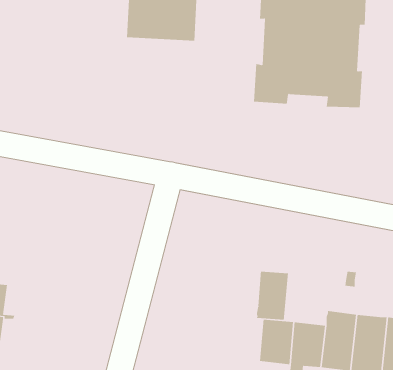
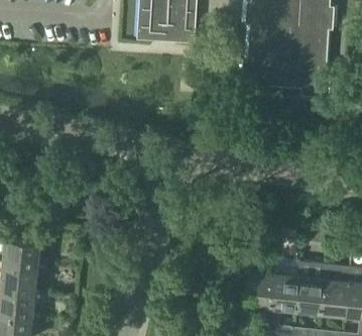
building: [256,271,288,321] -> none

